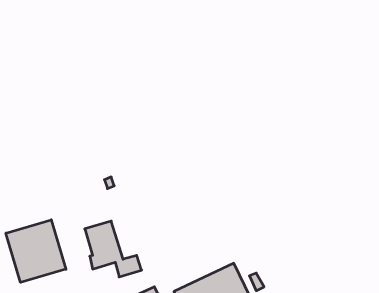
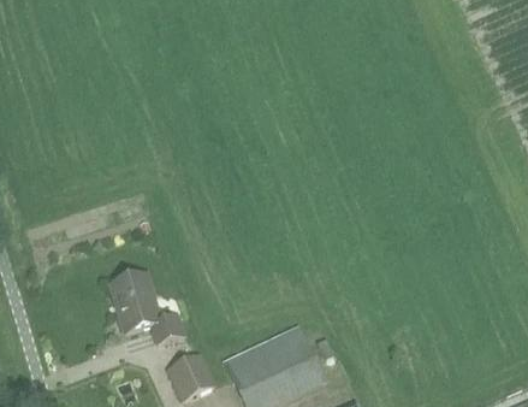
building: [6,220,66,282] -> none

